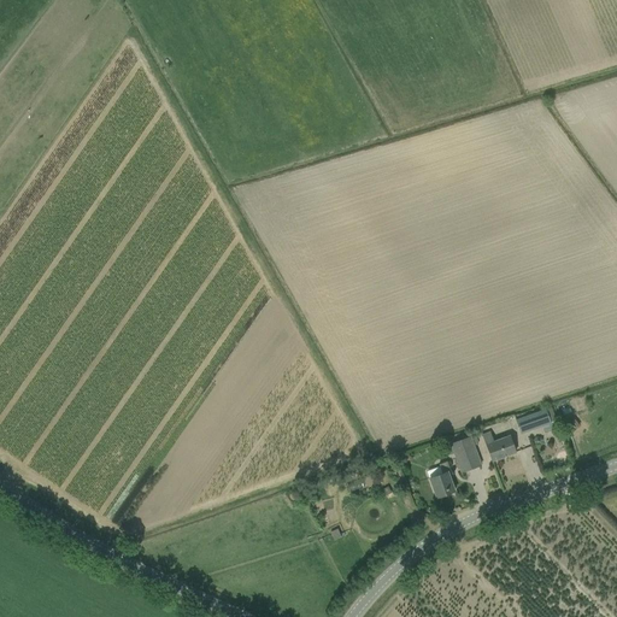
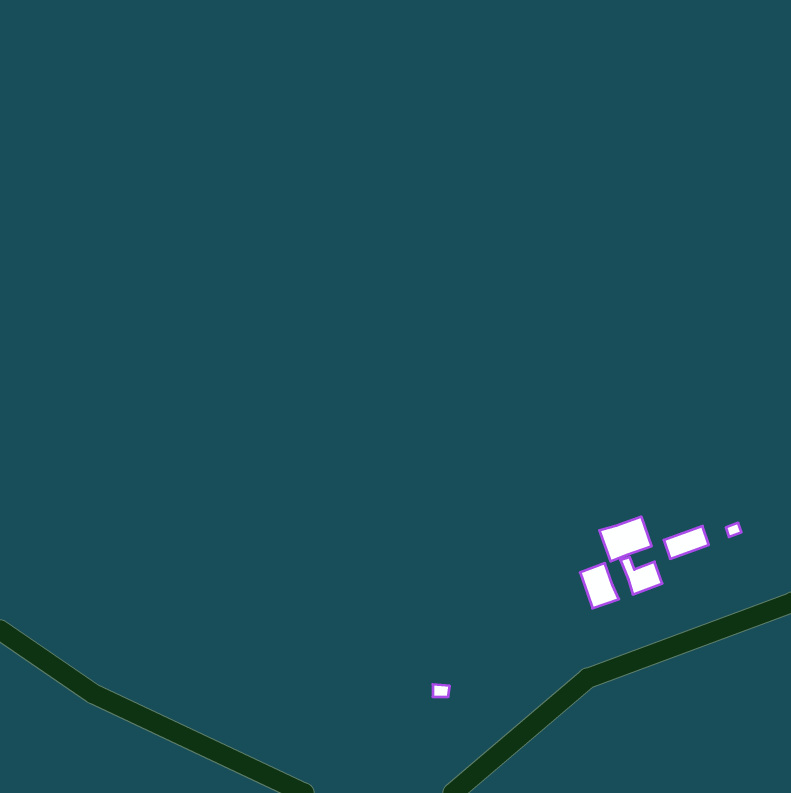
building: none -> [599,517,651,561]
building: [428,462,456,498] -> none

